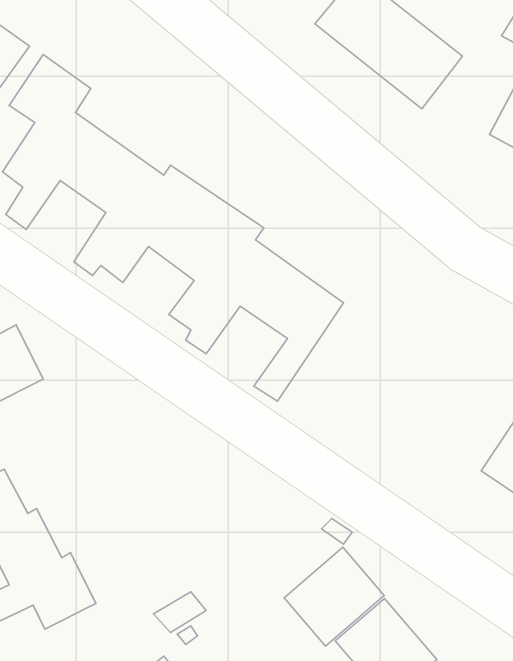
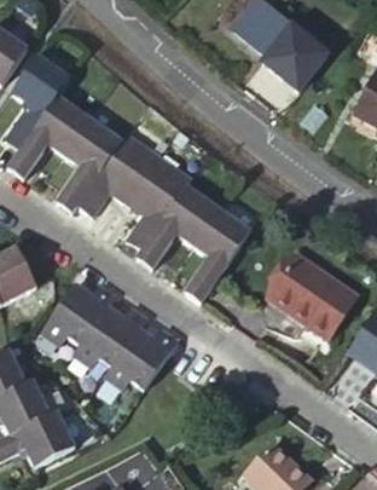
building: none -> [269,255,356,339]
building: none -> [41,283,178,388]
building: [284,547,384,646] -> none

